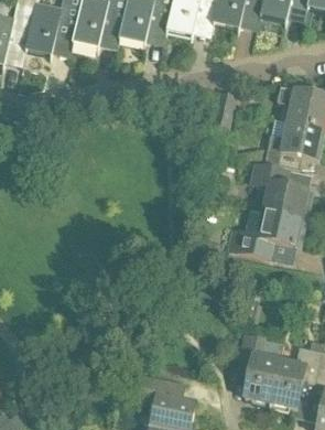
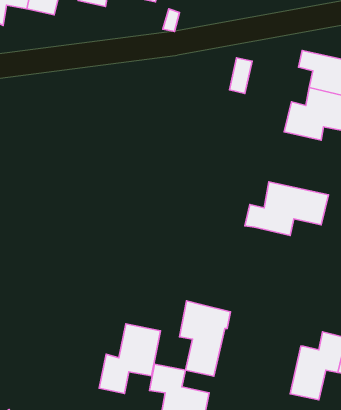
building: [248,163,312,219] -> none
building: [238,334,285,404] -> [179,301,231,376]
building: none -> [99,324,160,394]

